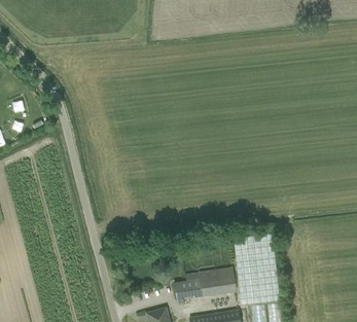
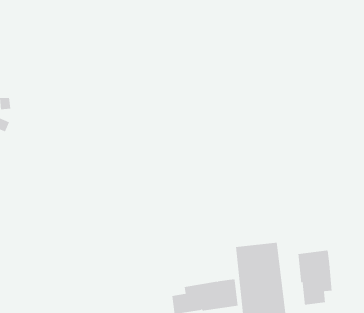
building: none -> [298,249,332,306]

